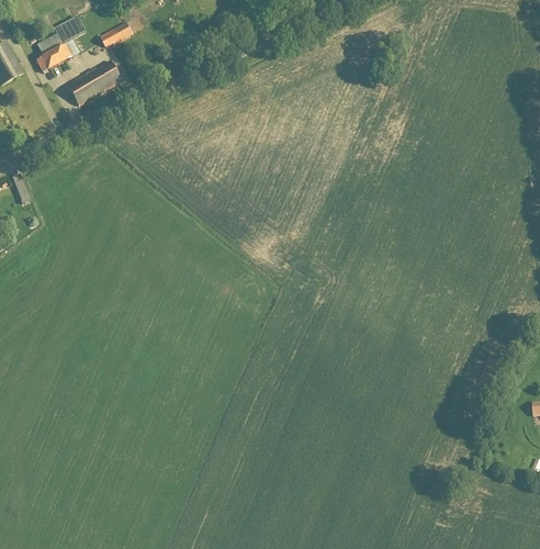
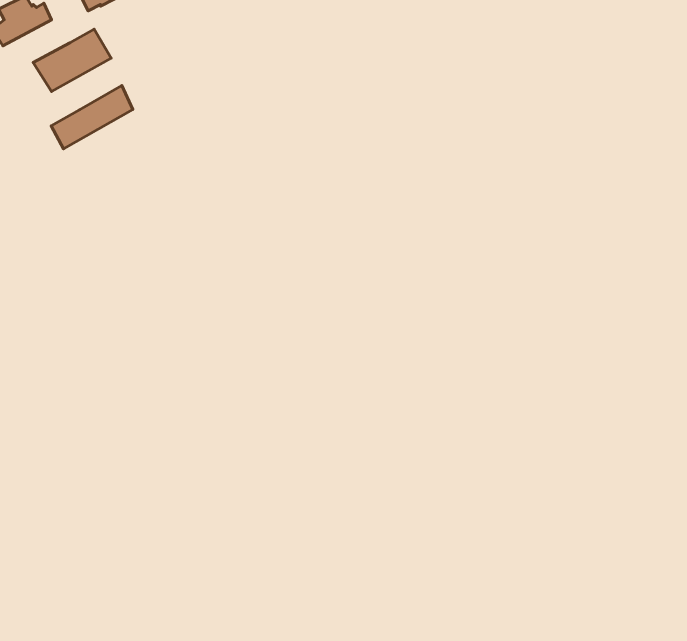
building: none -> [51,85,133,149]

